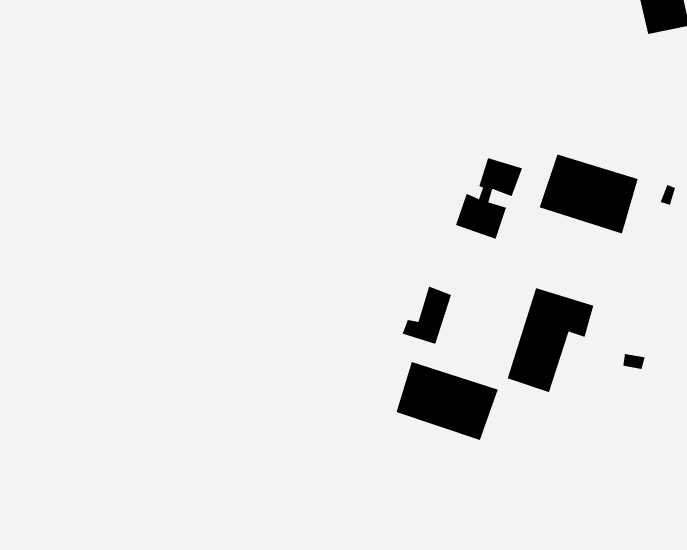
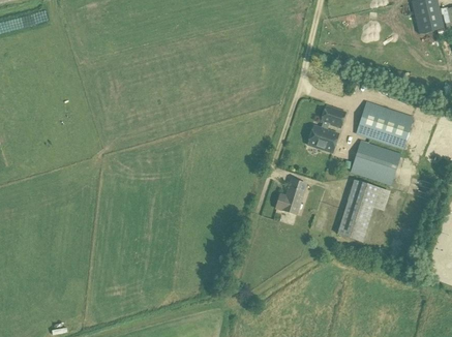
building: none -> [351,141,400,184]
building: [396,361,498,441] -> none

